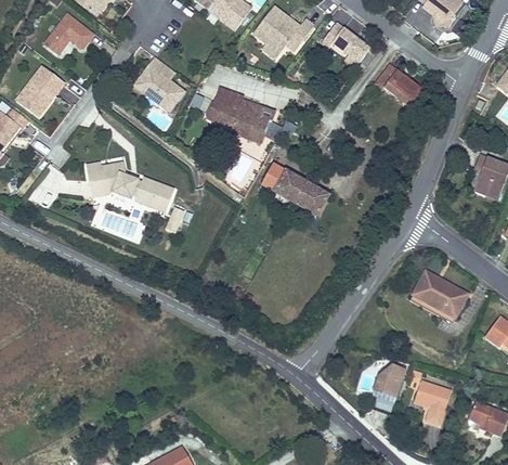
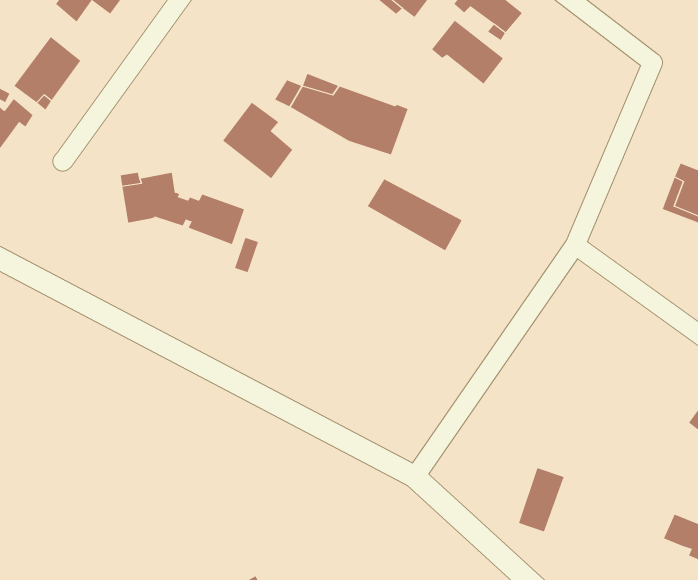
building: [134,57,184,112] -> [222,102,293,179]
building: [374,64,425,109] -> [431,20,504,85]
building: [415,271,469,318] -> none
building: [416,379,453,425] -> none

